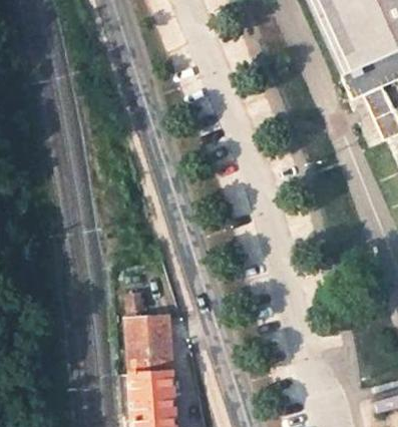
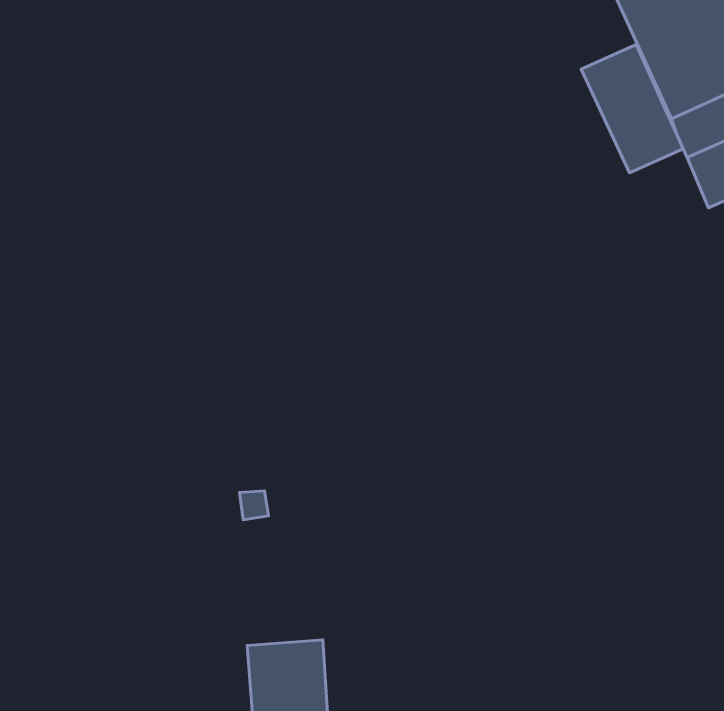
building: none -> [581,44,683,173]
building: [130,315,173,372] -> none

